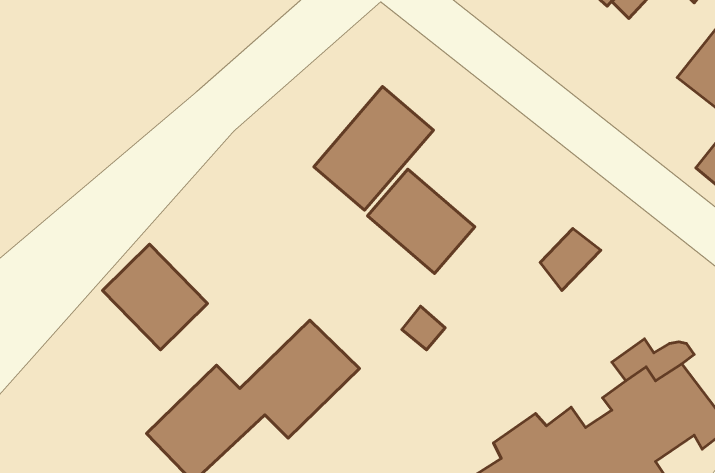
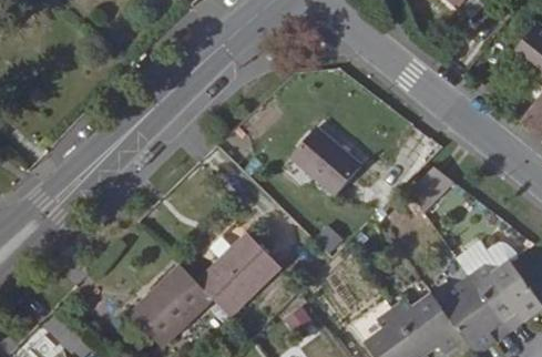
building: [314,87,434,210] -> none
building: [102,244,208,350] -> none

